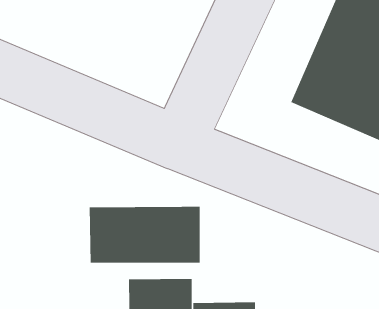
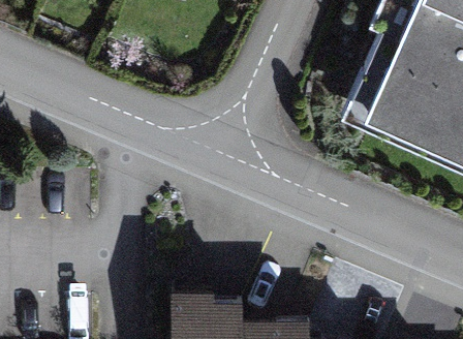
building: [89,206,200,264] -> none

